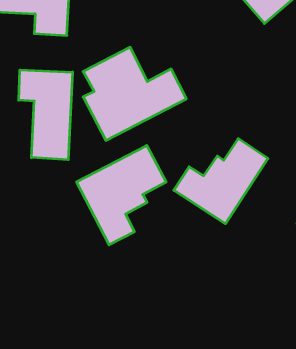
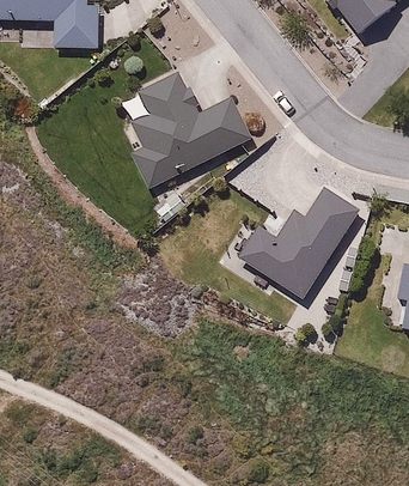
building: [19,70,73,160] -> none
building: [77,145,166,245] -> none

